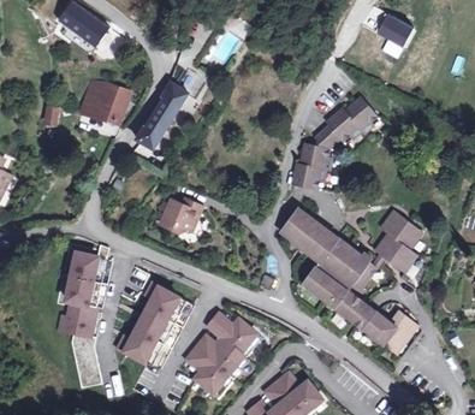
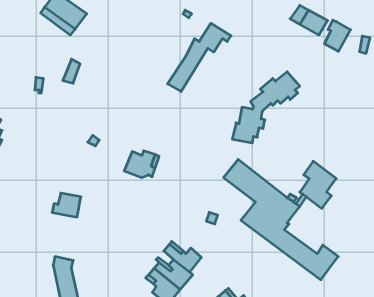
building: none -> [324,20,351,51]
building: [137,63,216,148] -> [168,23,231,92]
building: [94,84,129,121] -> none
building: [63,277,99,306] -> none
building: [117,281,192,368] -> none
building: [57,306,93,334] -> none

